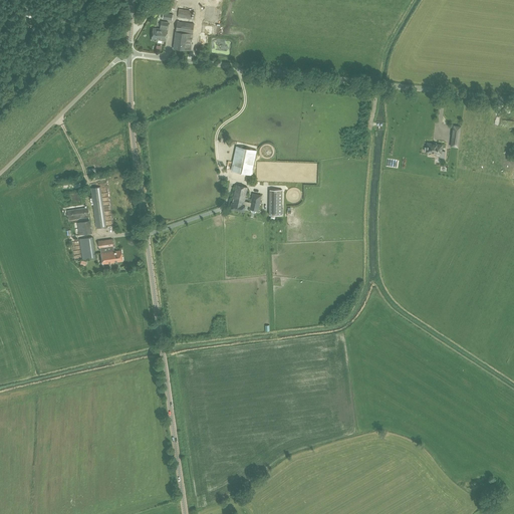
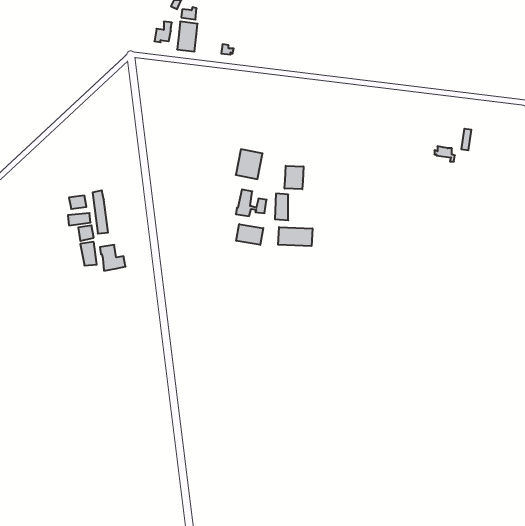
building: none -> [285,166,303,189]
building: none -> [236,224,263,245]
building: none -> [278,227,312,246]

